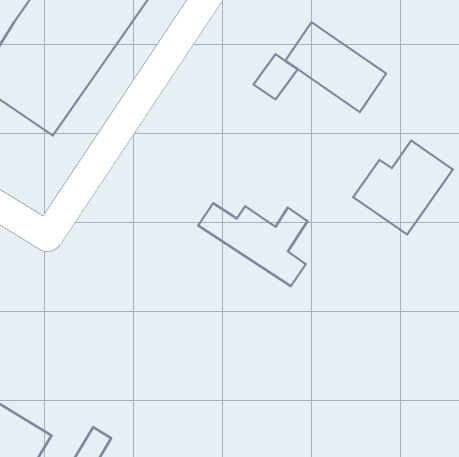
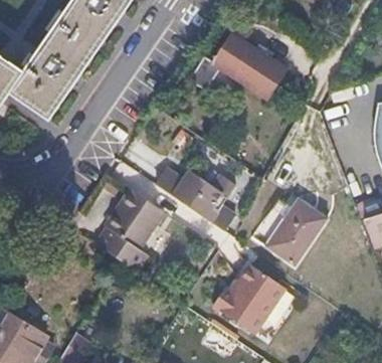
building: [353,141,453,235] -> [254,196,327,264]
building: none -> [101,194,168,275]
building: none -> [220,267,291,335]

